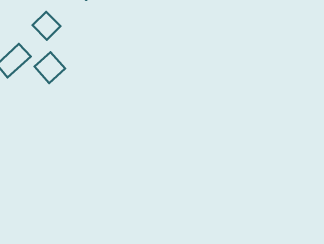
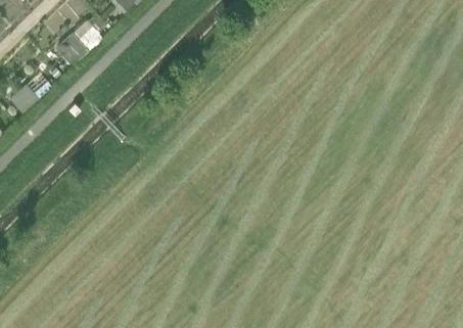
building: [34,52,65,83] -> none

